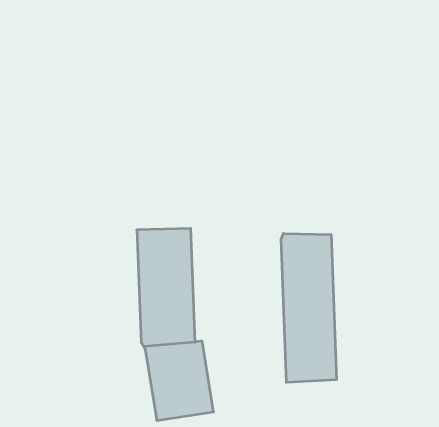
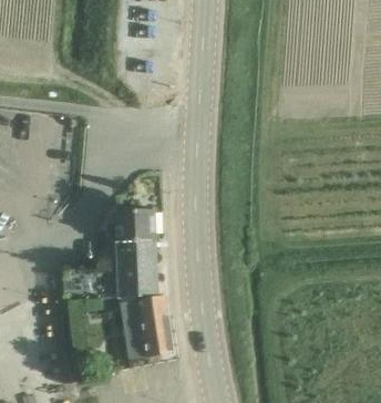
building: [281,233,336,382] -> none

